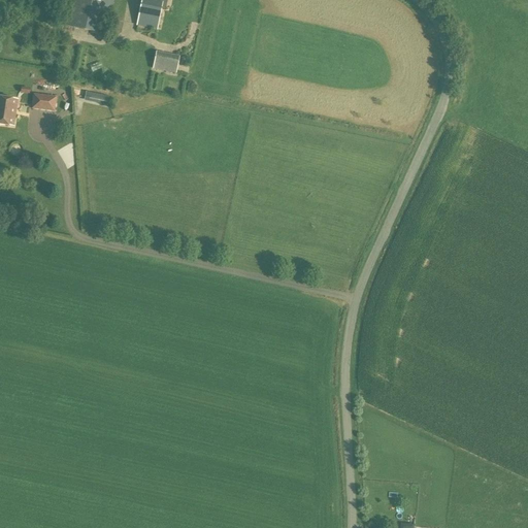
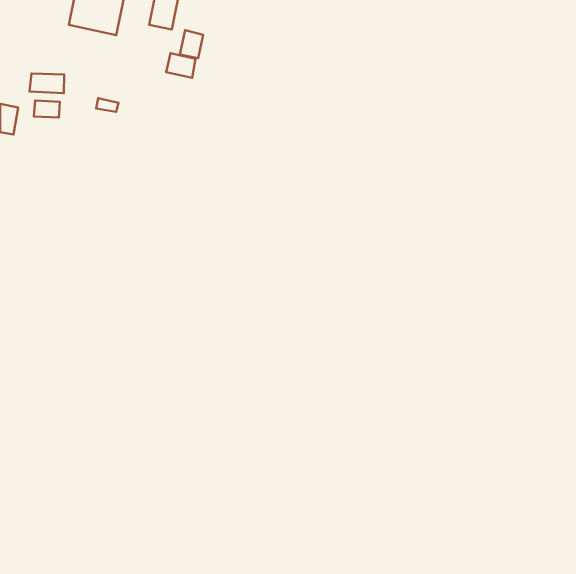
building: none -> [180,30,203,58]
building: none -> [30,73,64,93]

